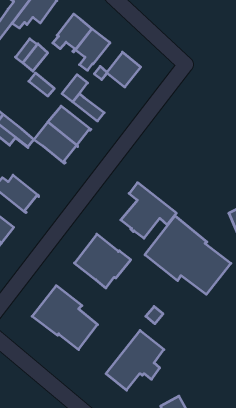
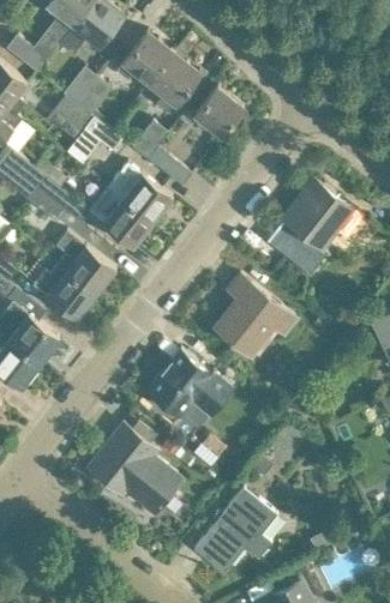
building: none -> [46,96,91,140]
building: none -> [268,181,360,277]
building: none -> [55,234,115,294]
building: [145,216,231,294] -> none

